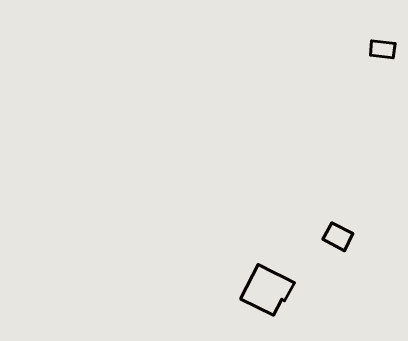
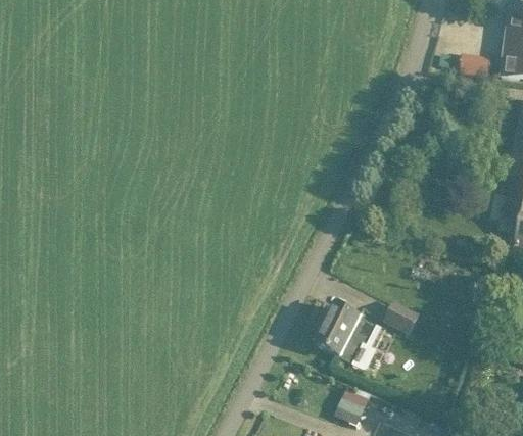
building: [323,223,353,251] -> [385,302,419,334]

